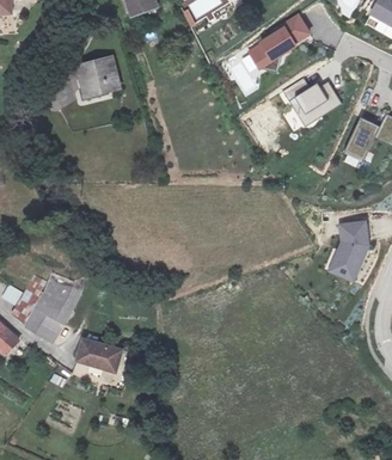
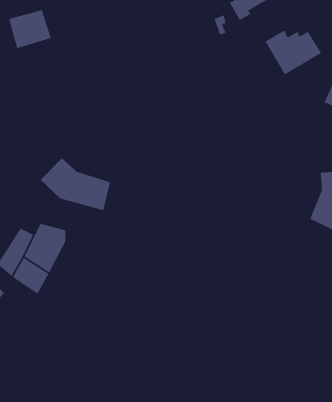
building: [79,56,123,97] -> [8,9,52,49]
building: none -> [40,157,111,211]
building: [80,342,133,378] -> none

